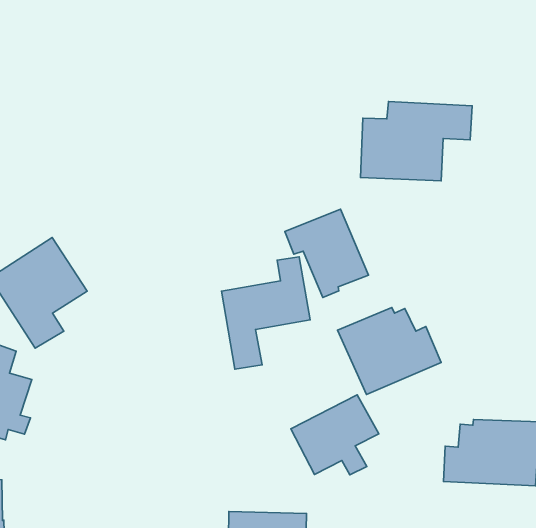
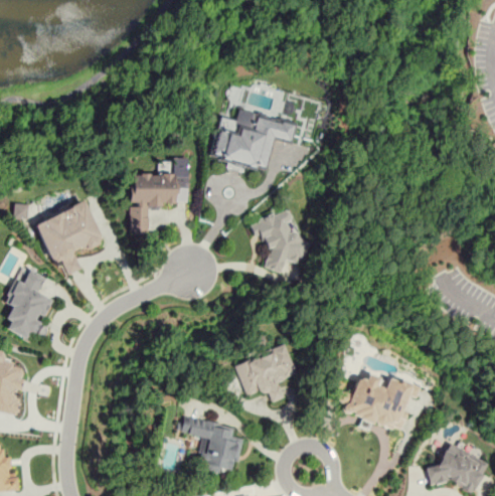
building: [361,102,472,181] -> [209,108,297,170]
building: [221,257,310,369] -> [128,157,188,230]
building: [338,308,441,394] -> none

